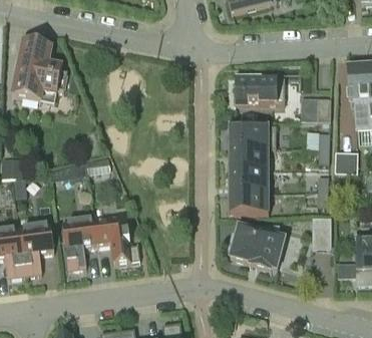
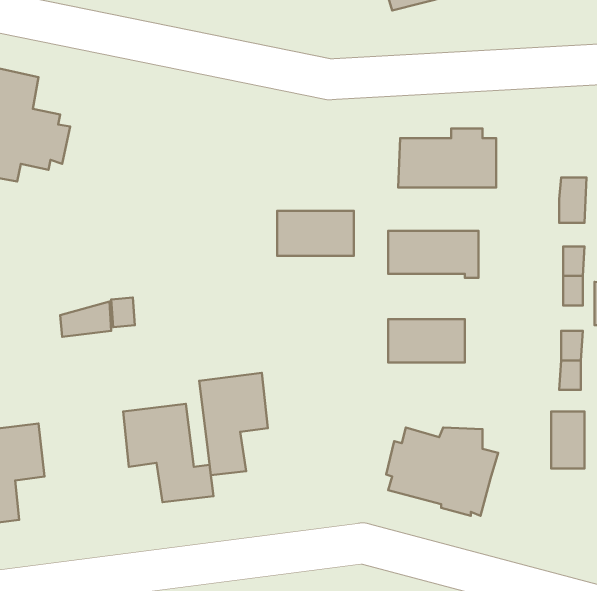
building: [230,147,269,171] -> [277,211,354,256]
building: [230,193,269,215] -> none
building: [62,218,97,270] -> [199,373,268,475]

